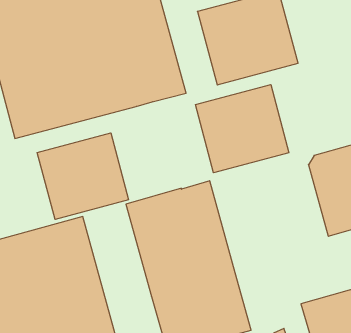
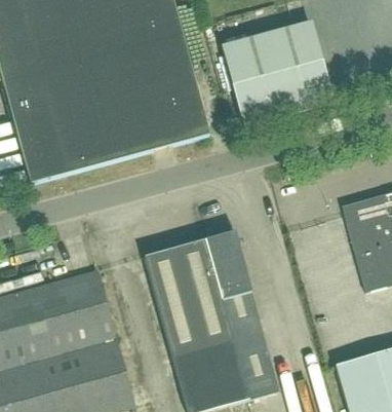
building: [195,85,289,173] -> none
building: [37,133,129,219] -> none

